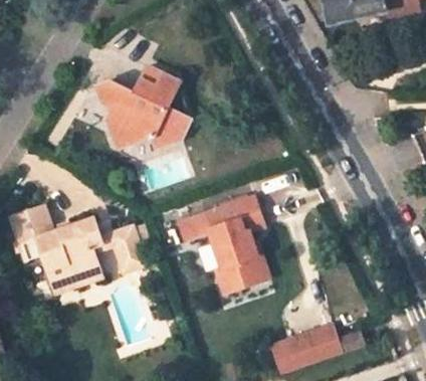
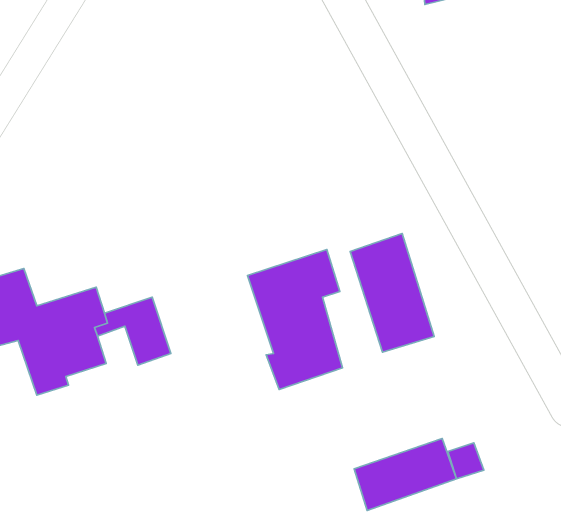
building: [95,68,188,147] -> none
building: none -> [350,233,434,352]

